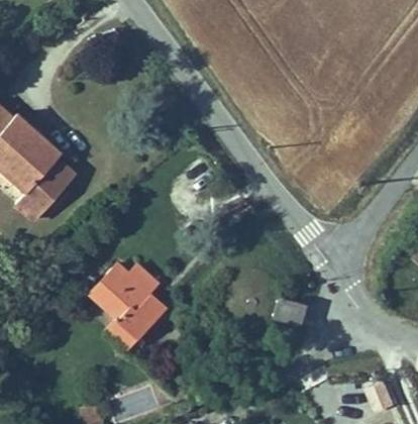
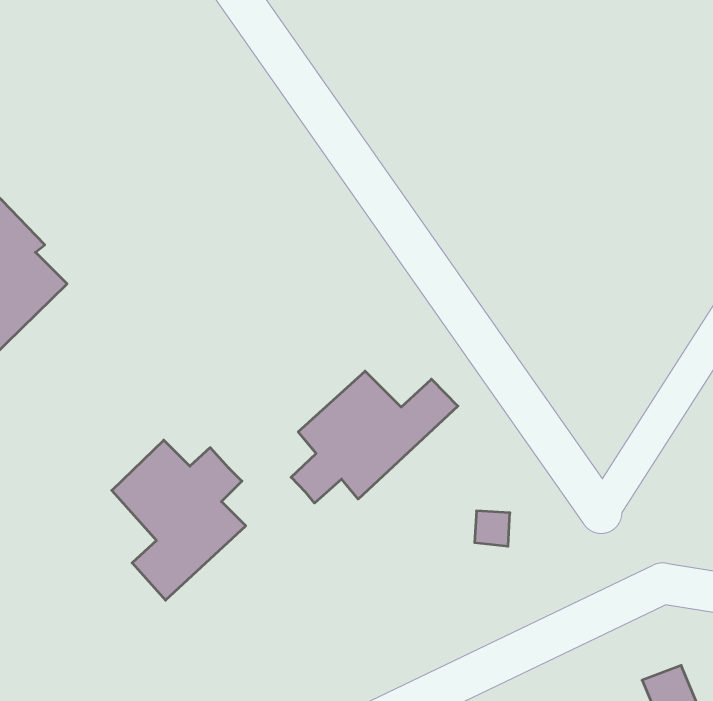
building: none -> [291,371,458,503]

